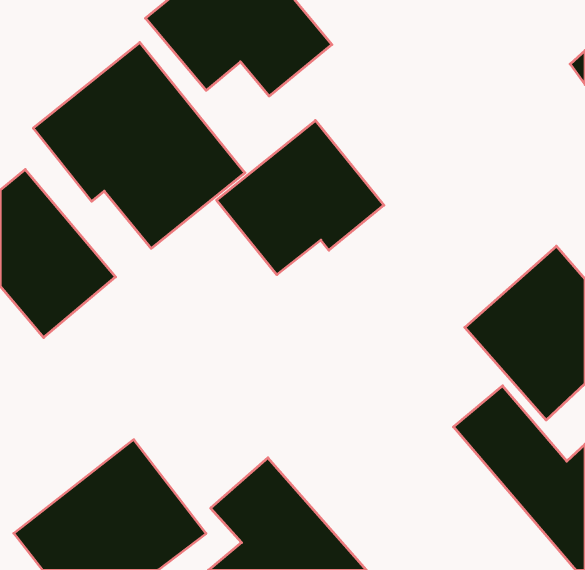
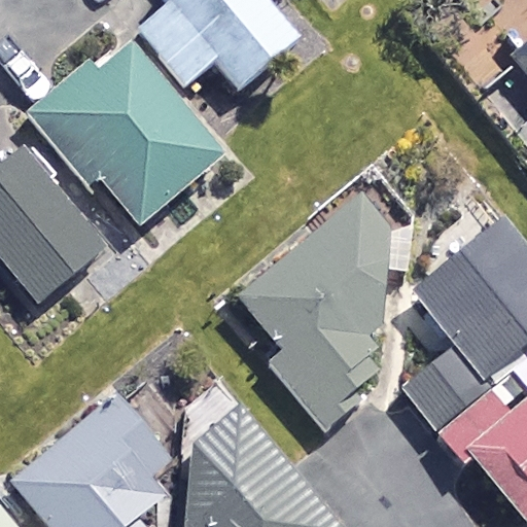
building: [217,120,384,275] -> none
building: none -> [237,172,391,423]

